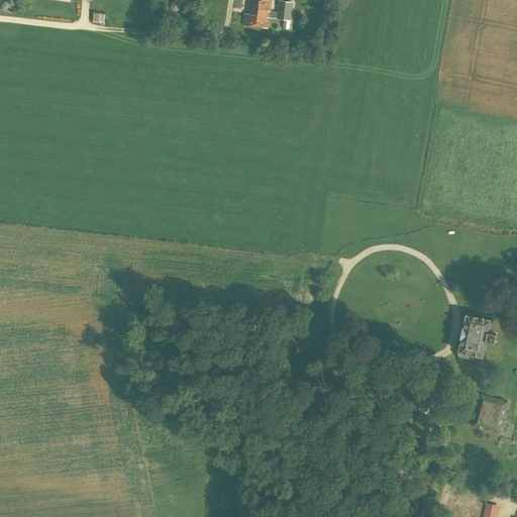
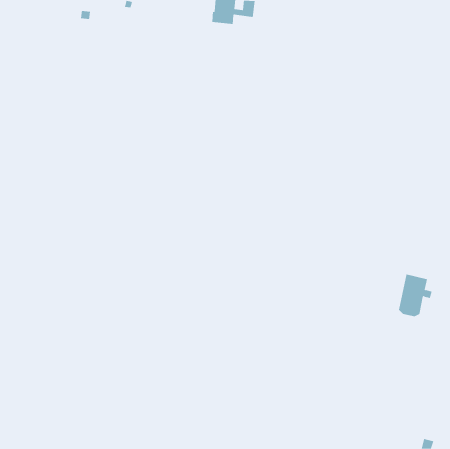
building: [471,393,507,433] -> none

